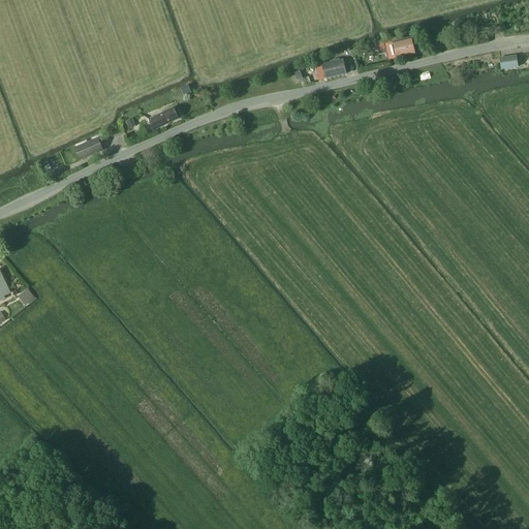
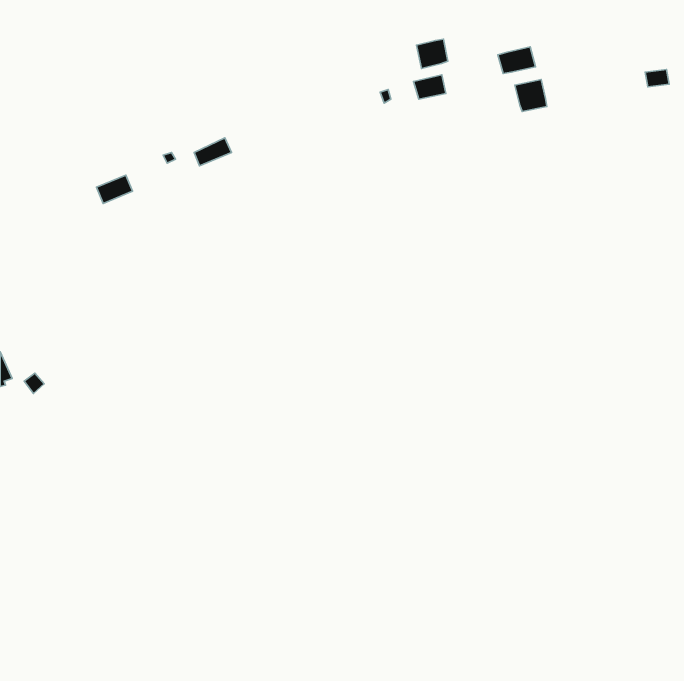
building: none -> [416,39,448,69]
building: none -> [515,79,547,111]

